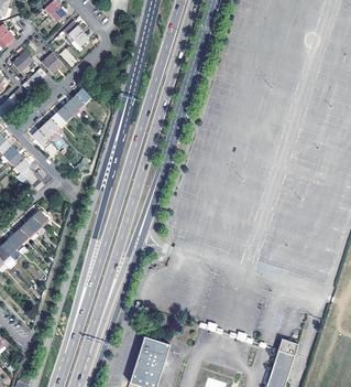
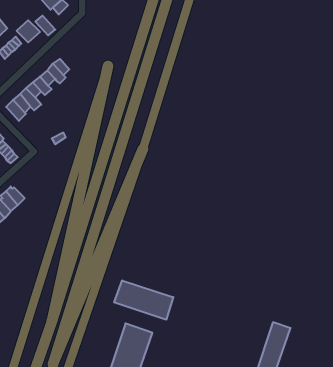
building: none -> [114,280,173,320]

